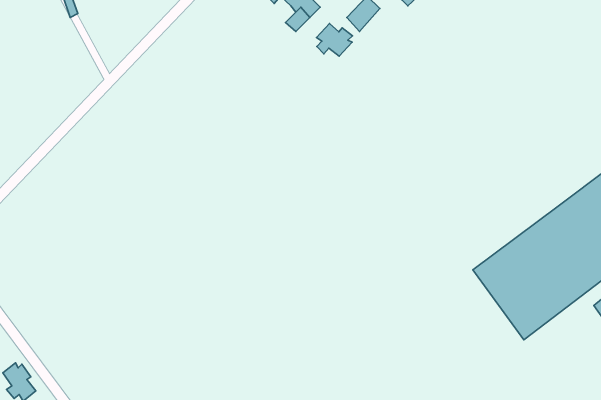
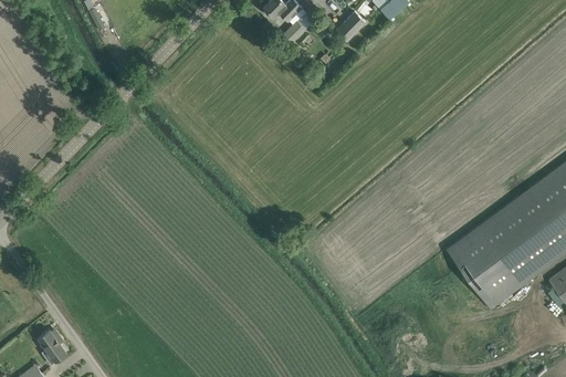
building: [316,24,352,56] -> none

